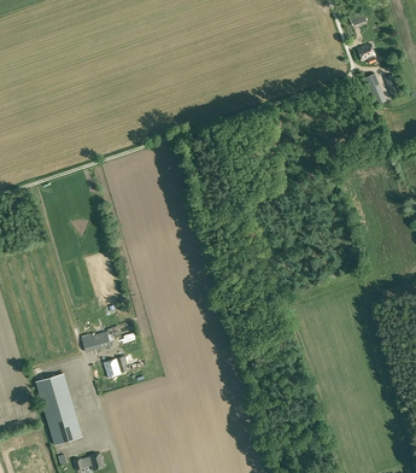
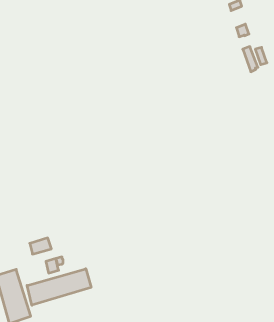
building: none -> [27,269,91,305]

